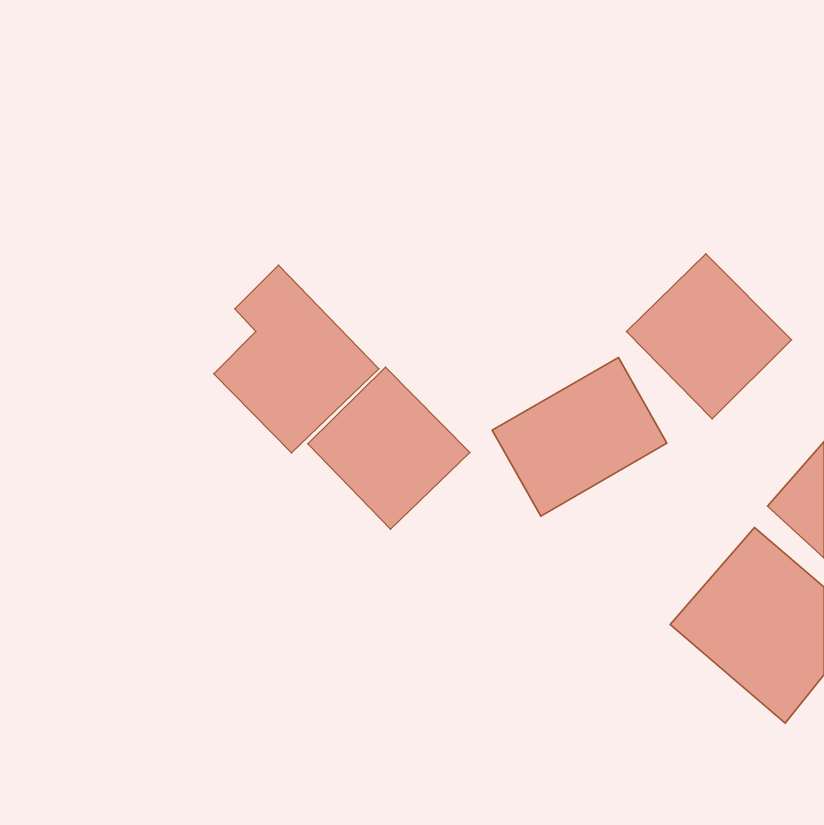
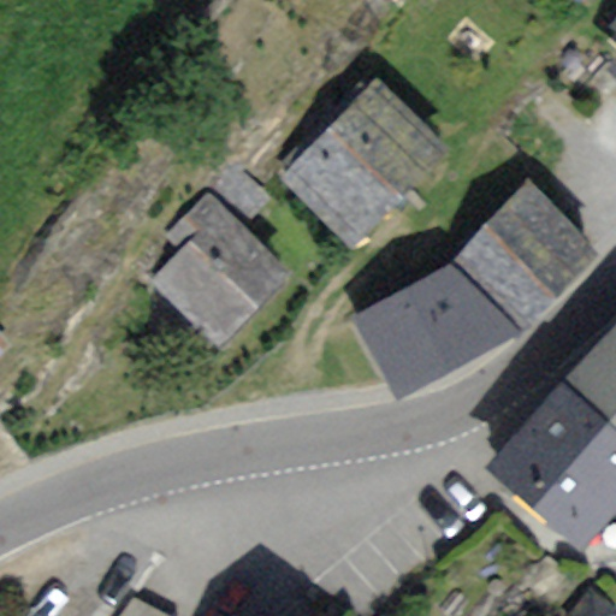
building: none -> [292,90,436,232]
building: [308,367,470,529] -> none

